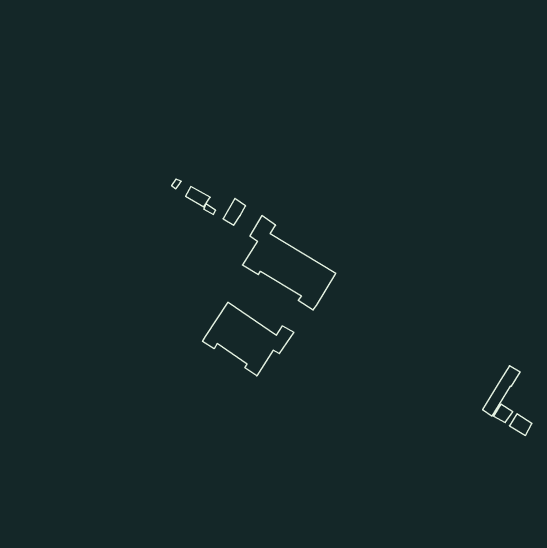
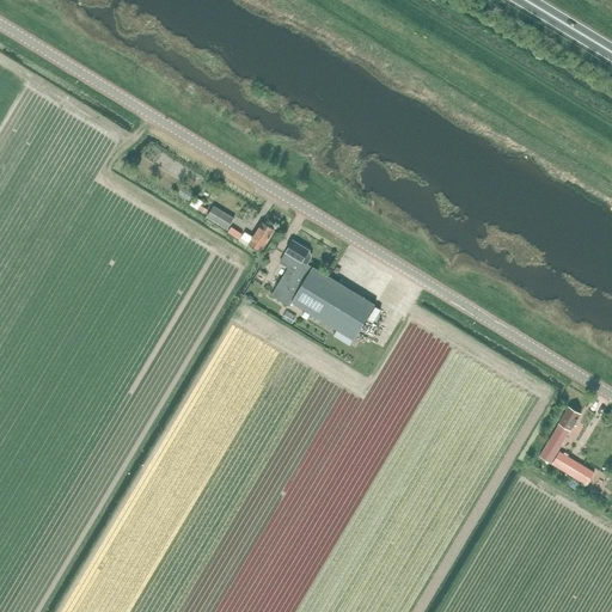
building: [203,302,294,376] -> none

